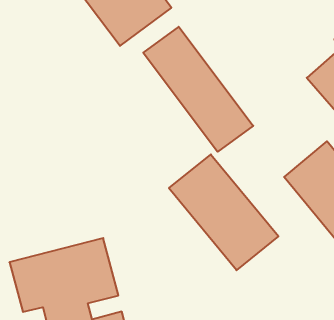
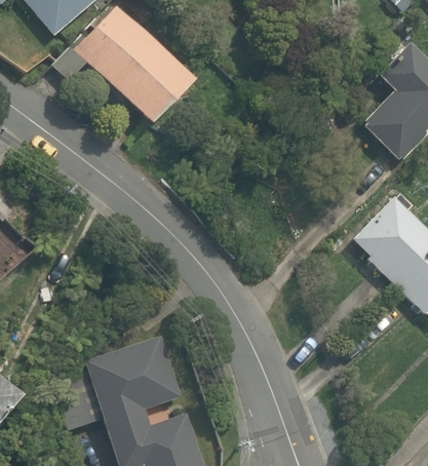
building: [143,27,253,152] -> none
building: [169,154,278,270] -> none

